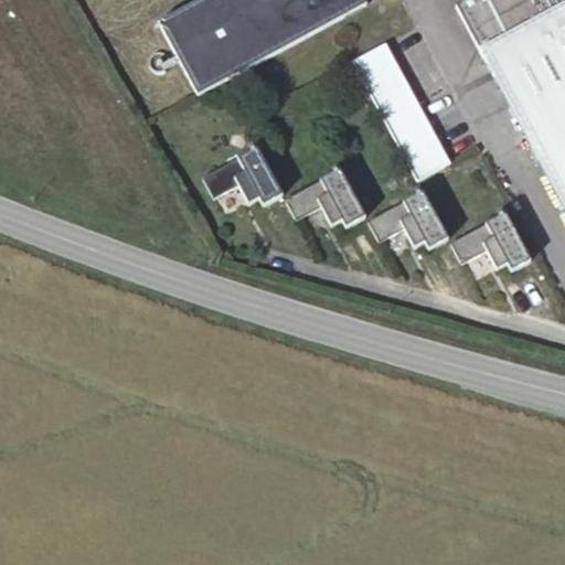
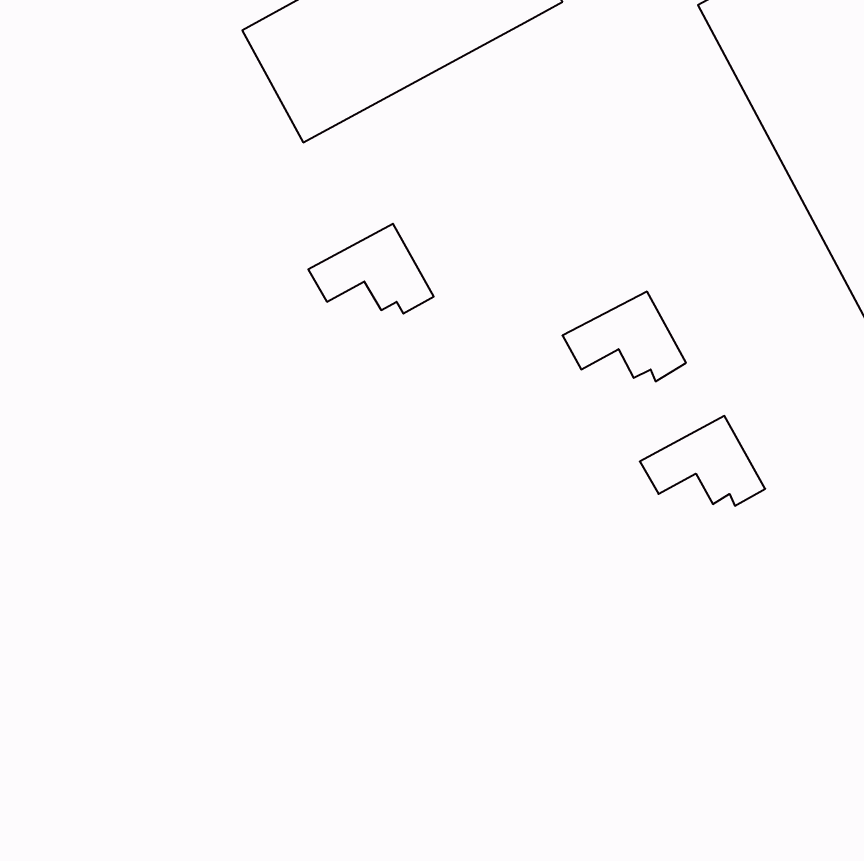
building: [353,42,450,180] -> none
building: [285,167,366,225] -> none
building: [449,212,531,270] -> [640,416,765,506]

